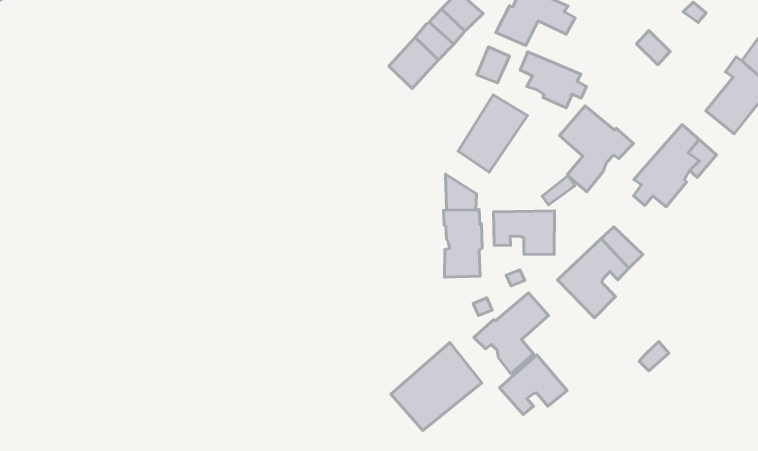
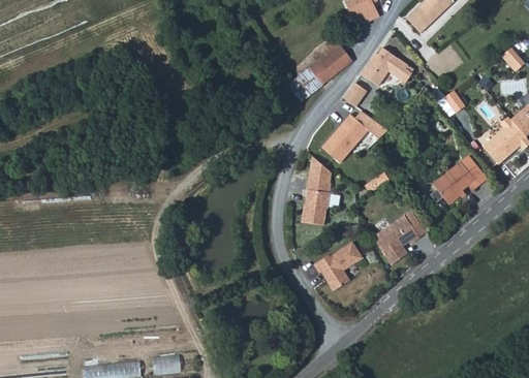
building: [520,52,586,108] -> none
building: [559,106,633,192] -> none
building: [493,211,555,255] -> none
building: [391,342,482,431] -> none
building: [499,355,567,414] -> none

